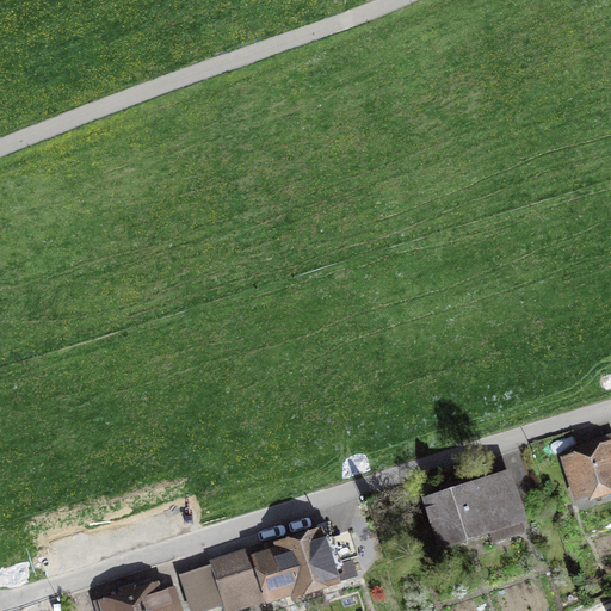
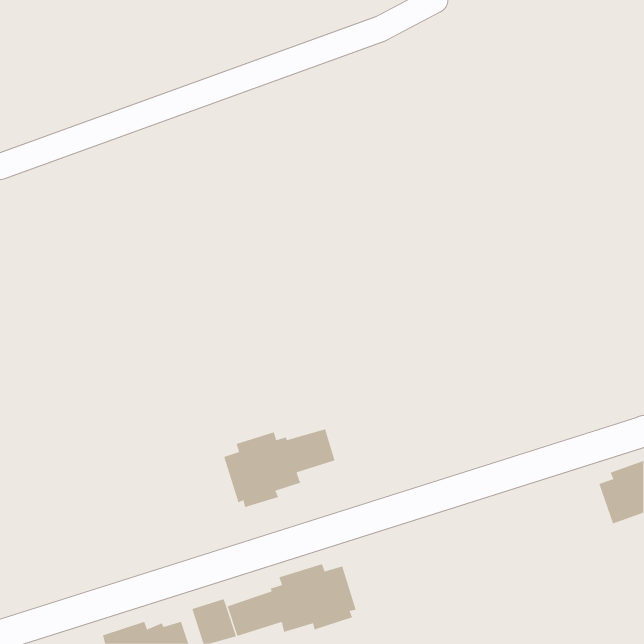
building: none -> [223,429,335,508]
building: [427,476,525,543] -> none

